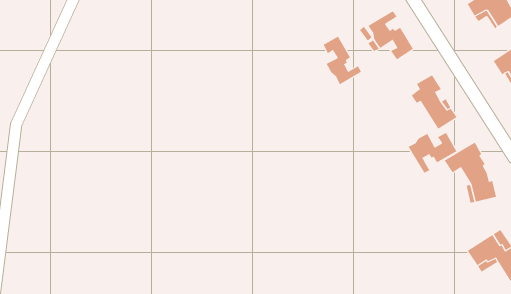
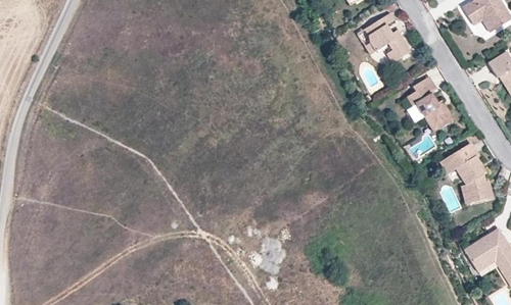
building: [323,36,362,85] -> none
building: [408,132,457,174] -> none

